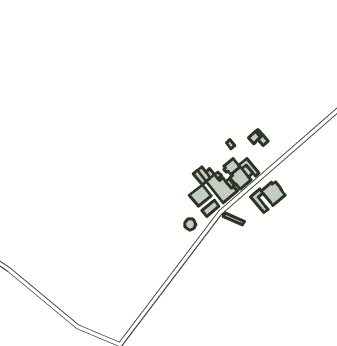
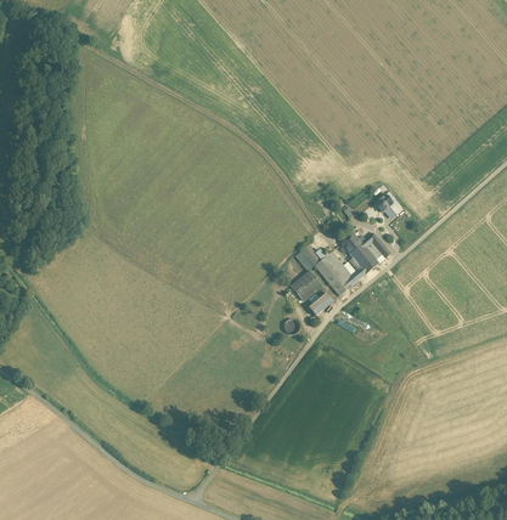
building: [251,182,285,212] -> none

